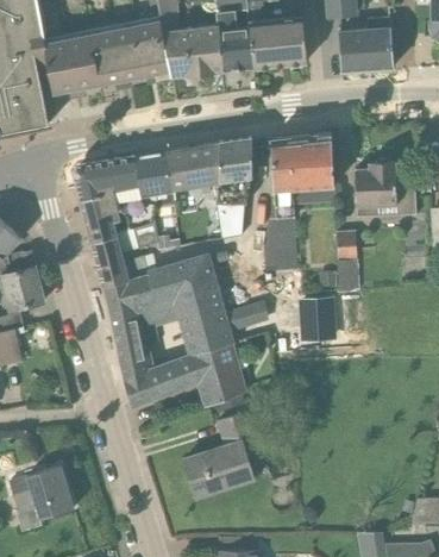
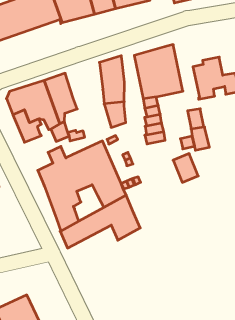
building: [167,142,219,188] -> none
building: [92,236,128,286] -> none
building: [184,411,256,496] -> none

